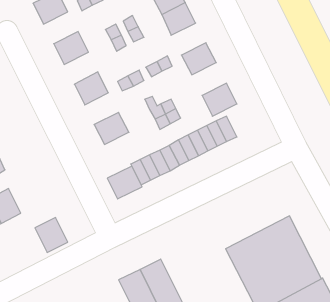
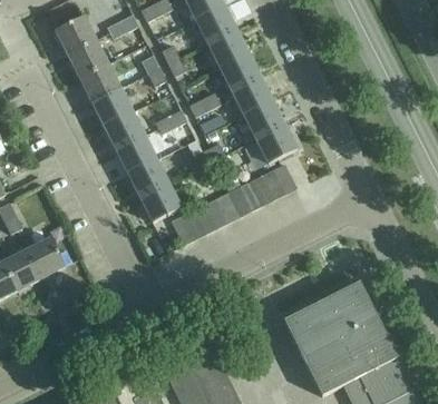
building: none -> [67,40,108,78]
building: none -> [218,53,260,91]
building: none -> [91,88,132,126]
building: none -> [243,100,284,139]
building: none -> [116,136,156,174]
building: [107,166,142,199] -> [139,183,181,221]
building: [35,218,68,252] -> [26,237,65,278]

